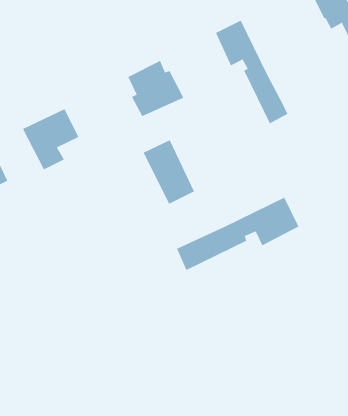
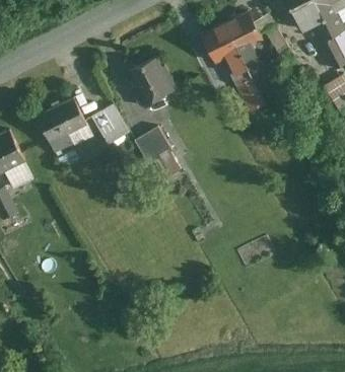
building: none -> [224,12,261,69]
building: none -> [92,102,133,146]
building: [176,197,299,271] -> none

